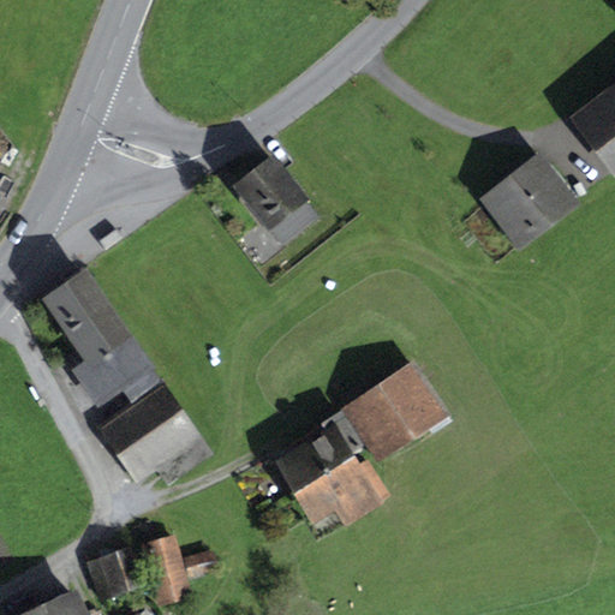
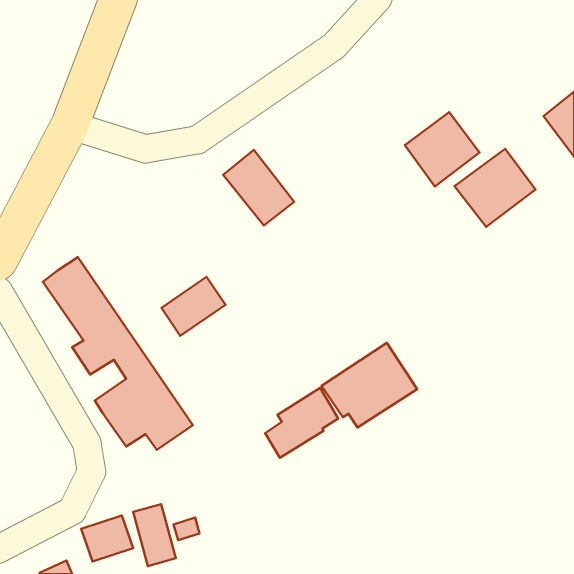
building: none -> [405,112,479,187]
building: none -> [161,277,225,336]
building: [298,458,386,523] -> none

